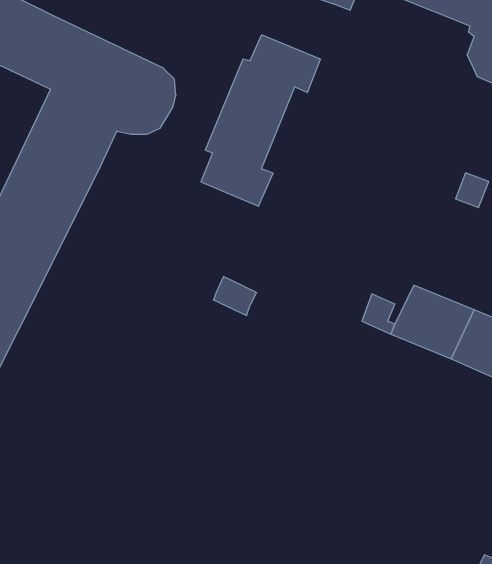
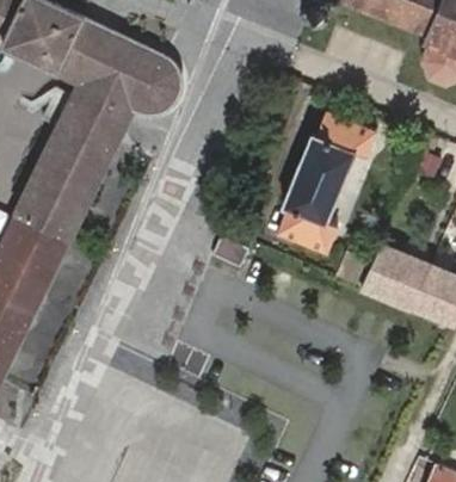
building: [201,35,321,206] -> [276,110,375,252]

